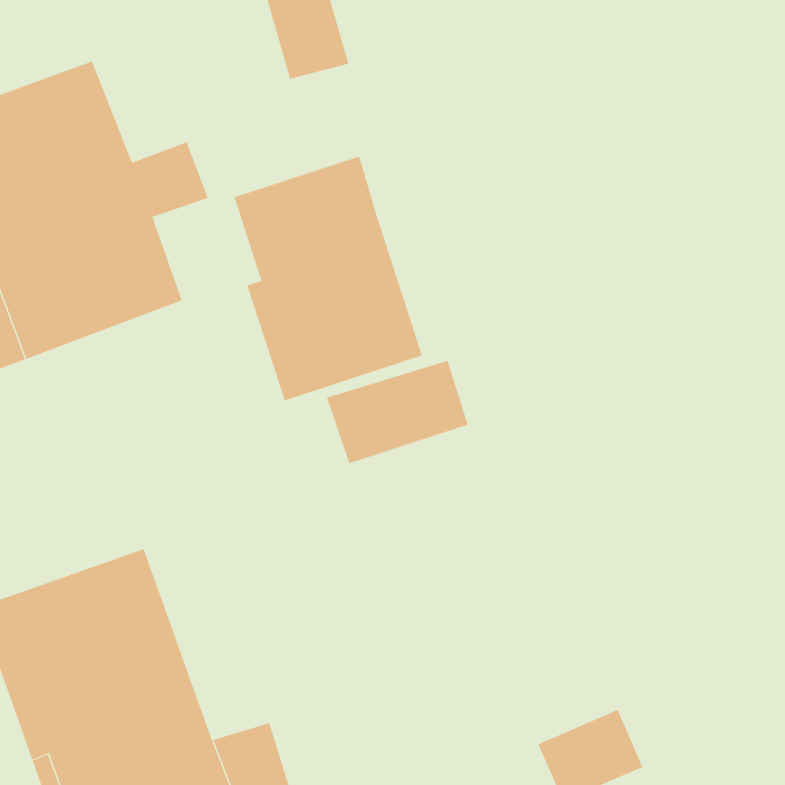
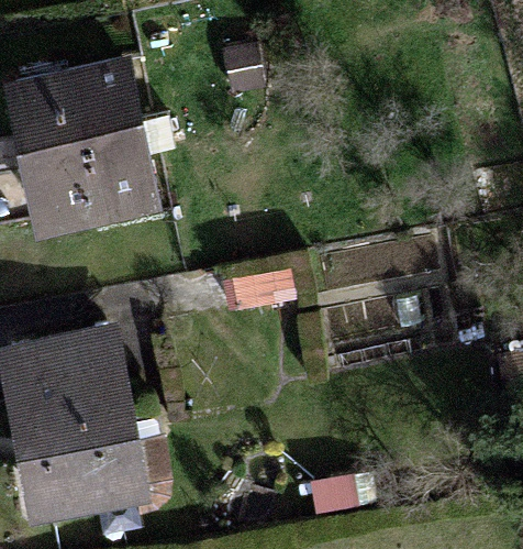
building: [234,156,423,401] -> none

